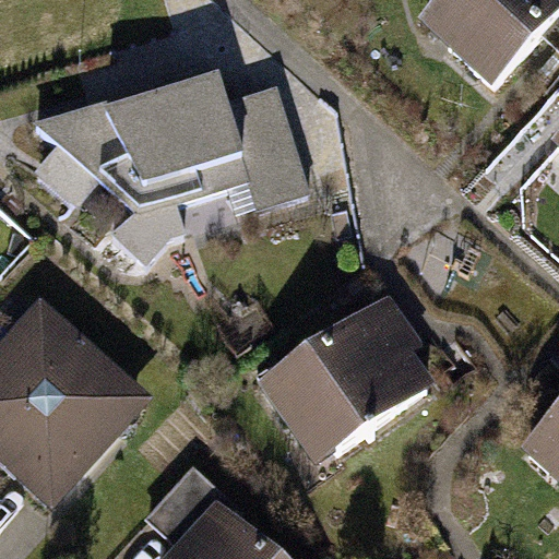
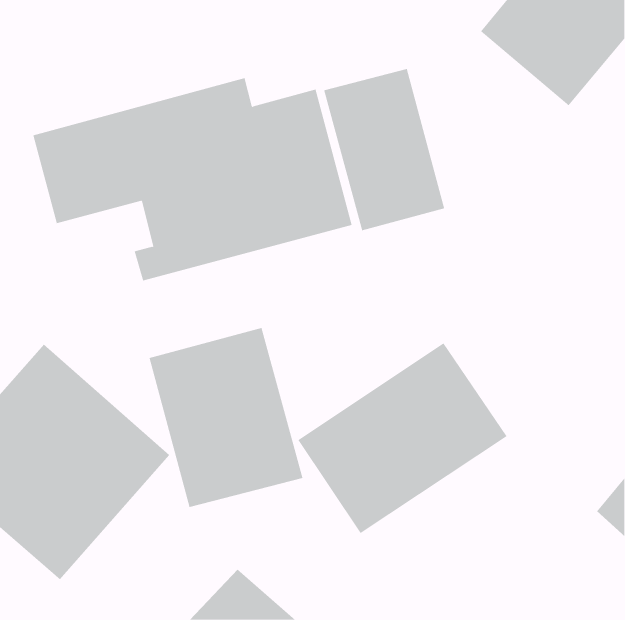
building: none -> [323,68,445,231]
building: none -> [149,327,303,508]

